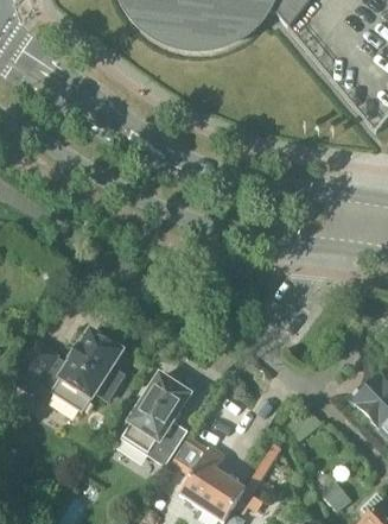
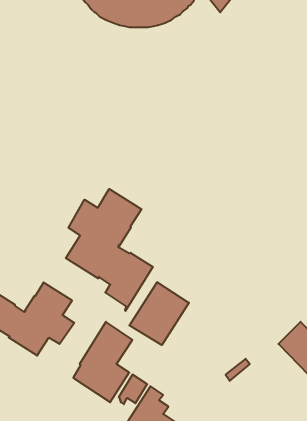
building: none -> [66,189,153,311]
building: none -> [129,282,189,345]

